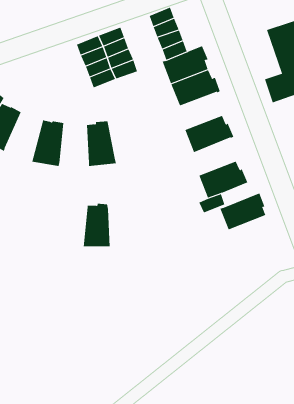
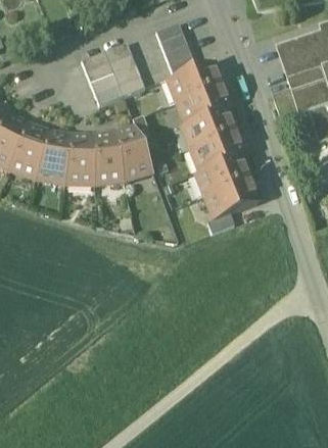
building: none -> [183,108,231,147]
building: none -> [8,127,47,176]
building: none -> [112,127,150,178]
building: [219,192,266,230] -> [197,155,245,194]
building: [83,203,111,247] -> [64,136,93,181]

